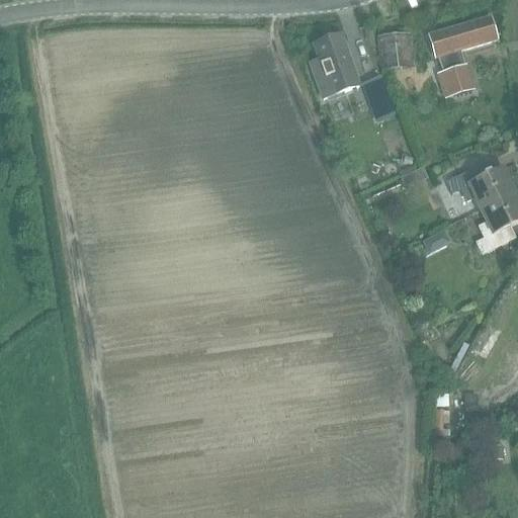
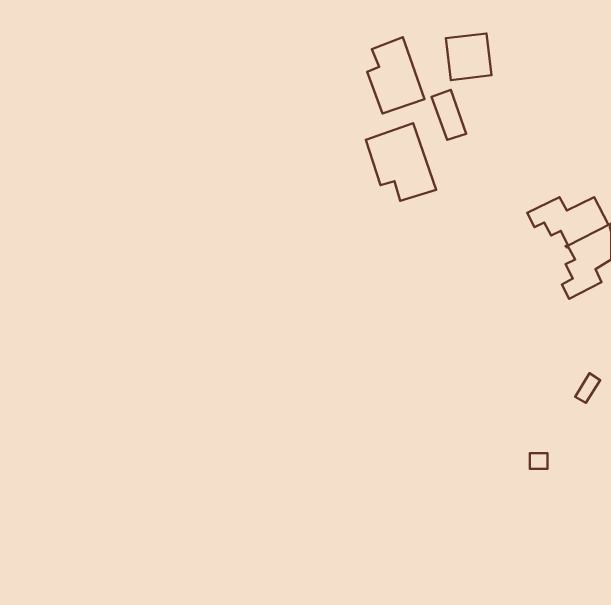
building: [429,14,498,93] -> none
building: none -> [366,123,436,201]

